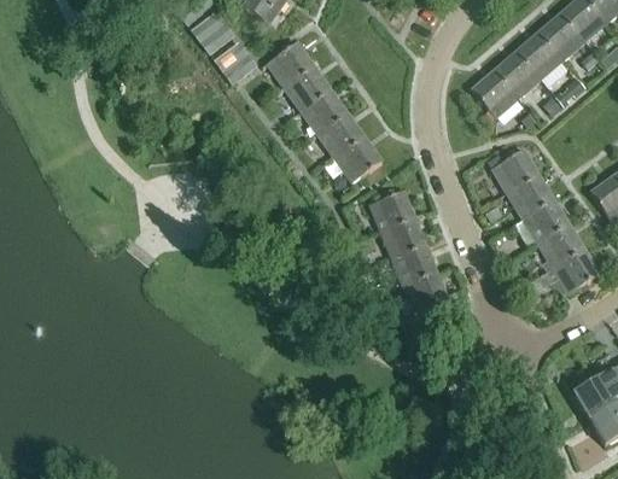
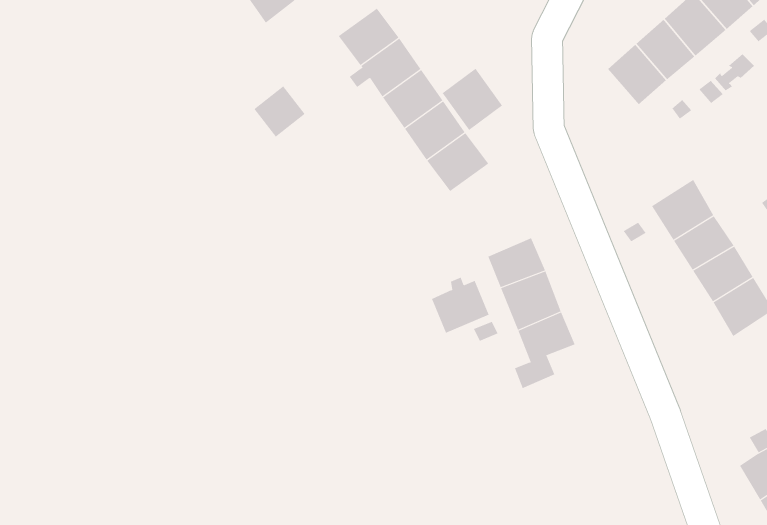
building: [216,43,256,83] -> [253,86,305,138]
building: none -> [442,68,503,131]
building: [488,150,538,194] -> none
building: [369,189,414,233] -> [431,277,489,334]

